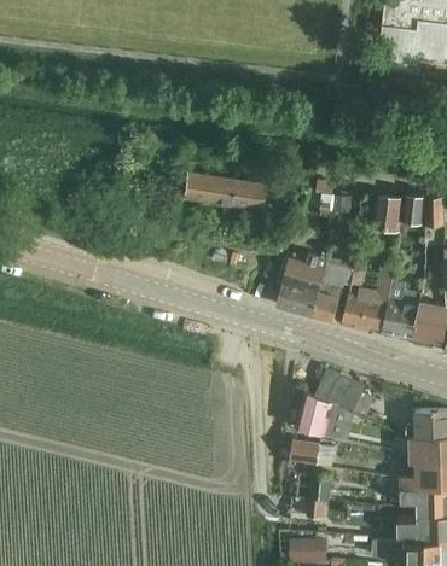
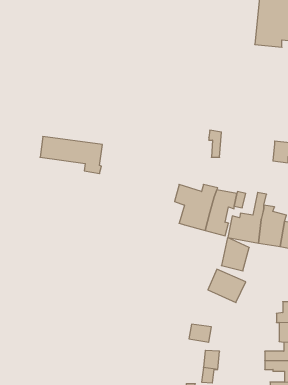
building: [182,173,266,222] -> [40,137,102,174]
building: [372,194,405,232] -> none
building: [296,390,333,434] -> [221,238,249,271]

